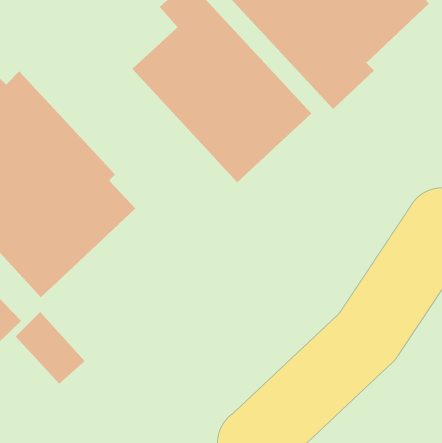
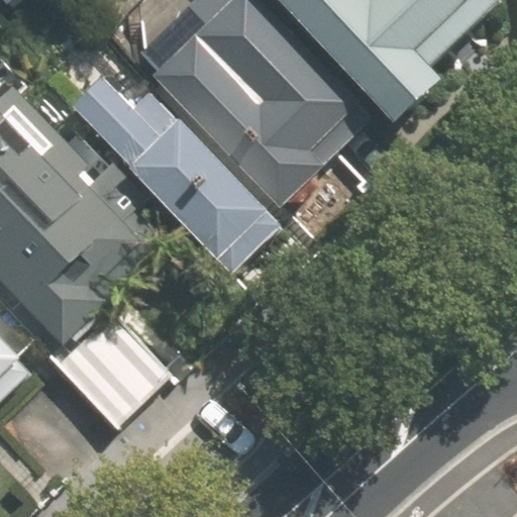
building: none -> [73,75,271,267]
building: none -> [59,305,174,421]

